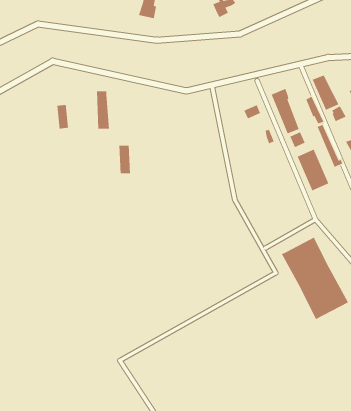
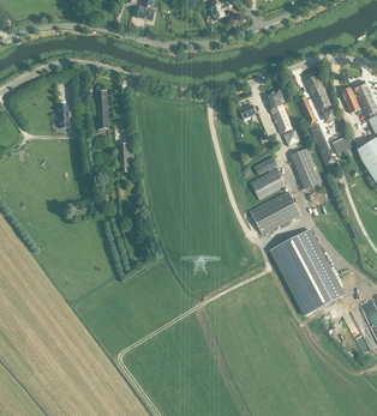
building: none -> [250,157,285,200]
building: none -> [250,192,299,235]

